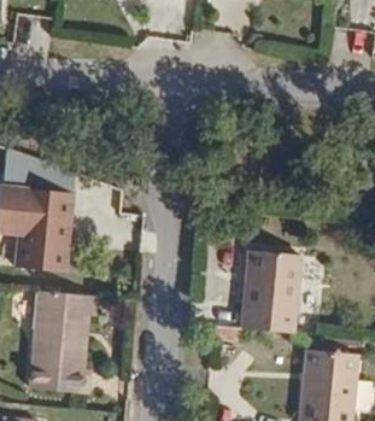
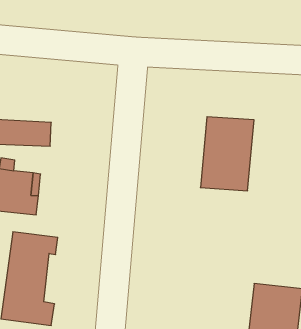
building: [236,247,297,331] -> [200,117,254,191]

